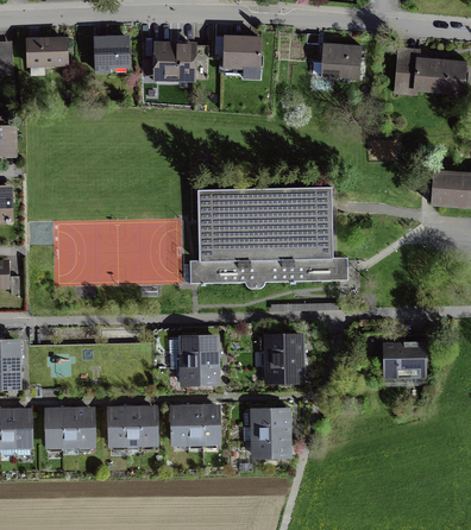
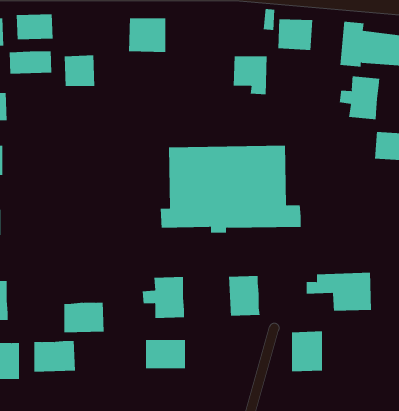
building: [222,36,262,80] -> [233,56,268,95]
building: [93,37,128,72] -> [64,55,95,87]
building: none -> [9,50,52,74]
building: none -> [339,75,380,120]
building: [109,406,156,441] -> [63,302,104,333]
building: [252,408,288,454] -> [291,331,323,372]

